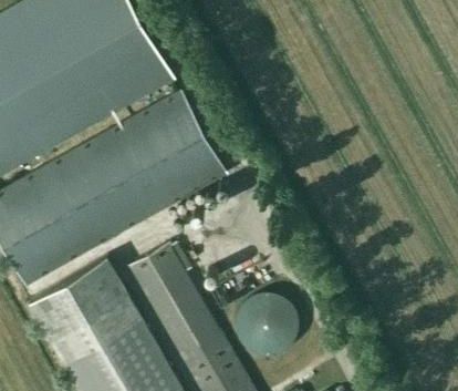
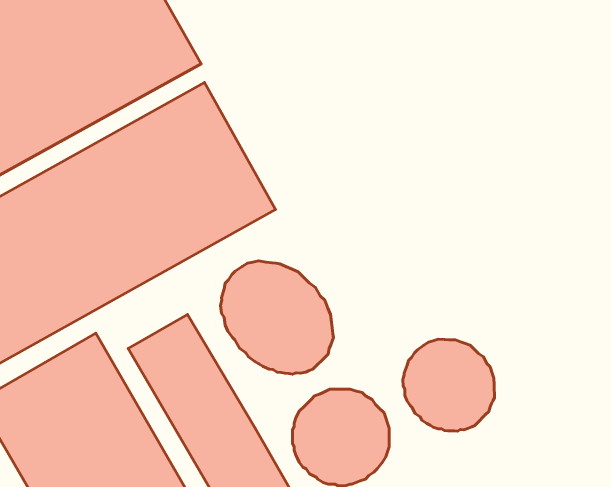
building: none -> [221,261,334,374]
building: none -> [403,339,495,431]

